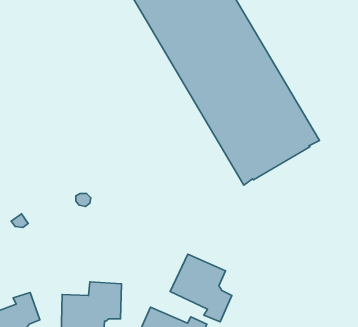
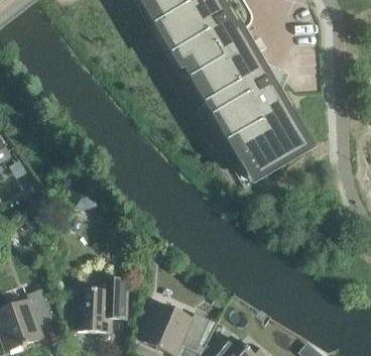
building: [170,254,232,322] -> none

